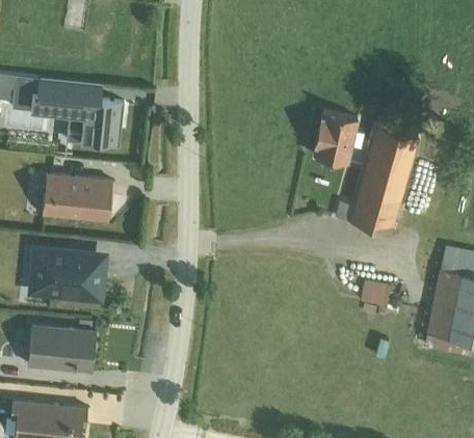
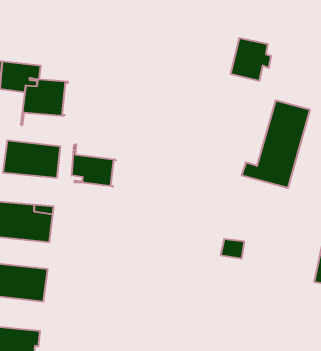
building: [313,112,363,164] -> [231,38,271,81]
building: none -> [72,144,116,187]
building: [361,281,390,305] -> [221,239,244,259]

